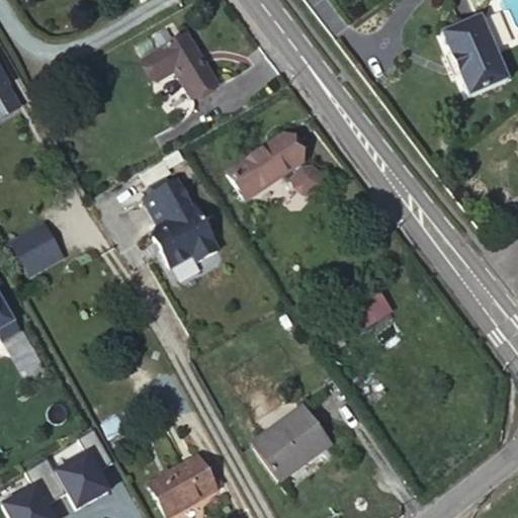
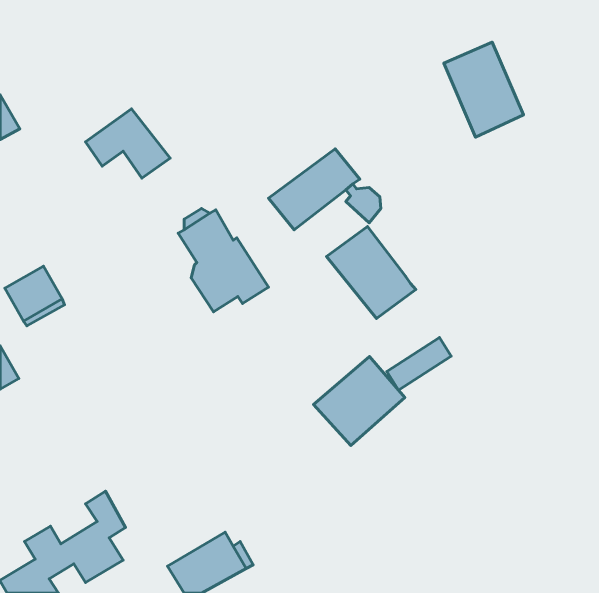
building: [440,12,509,94] -> [444,42,524,137]
building: [136,34,208,94] -> [86,109,170,178]
building: none -> [327,227,416,318]
building: [255,403,334,480] -> [313,357,405,446]

